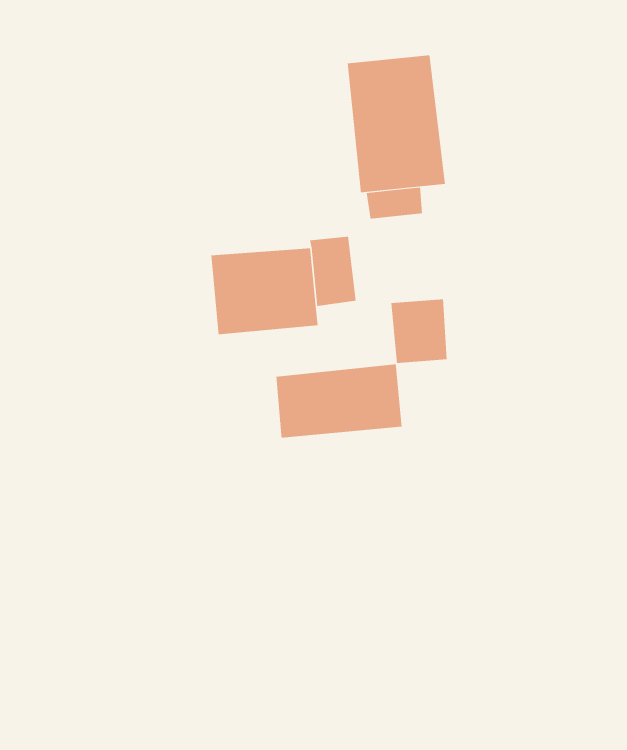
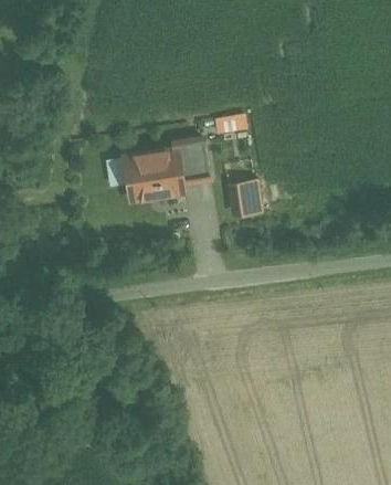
building: [347,54,445,193] -> none
building: [276,363,402,439] -> none

